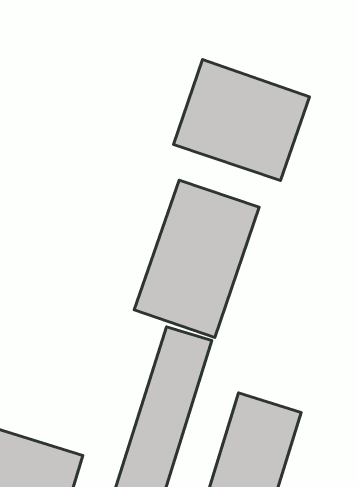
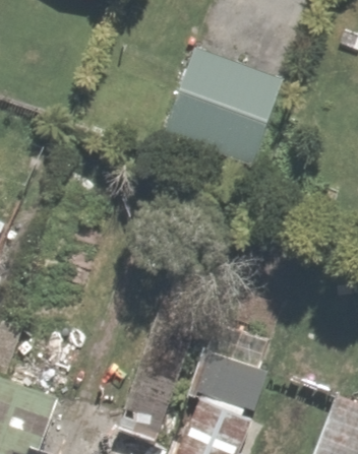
building: [134,180,259,337] -> none

